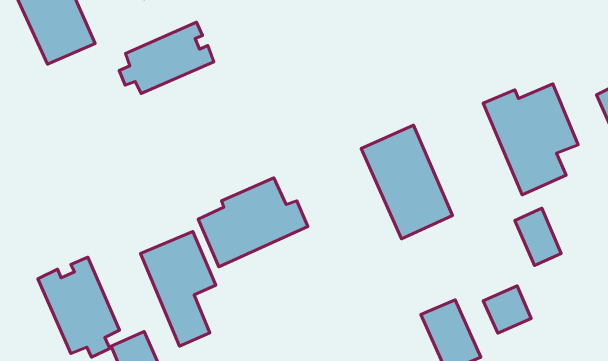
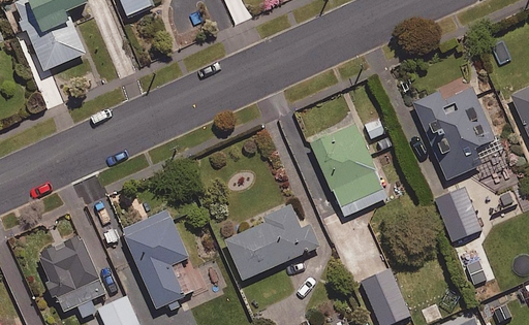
building: [119,22,214,93] -> none
building: [198,178,308,267] -> [225,204,318,280]
building: [483,286,531,333] -> none

